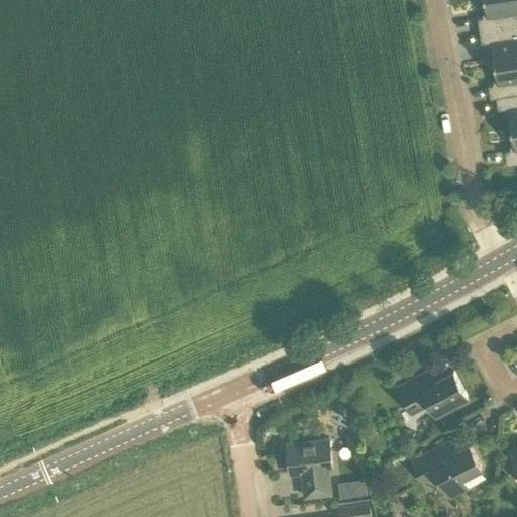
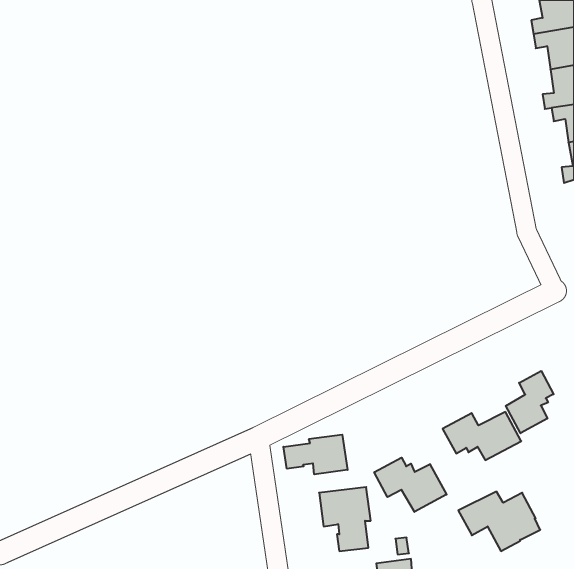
building: none -> [506,371,554,433]
building: none -> [283,435,348,474]
building: none -> [374,458,447,512]

